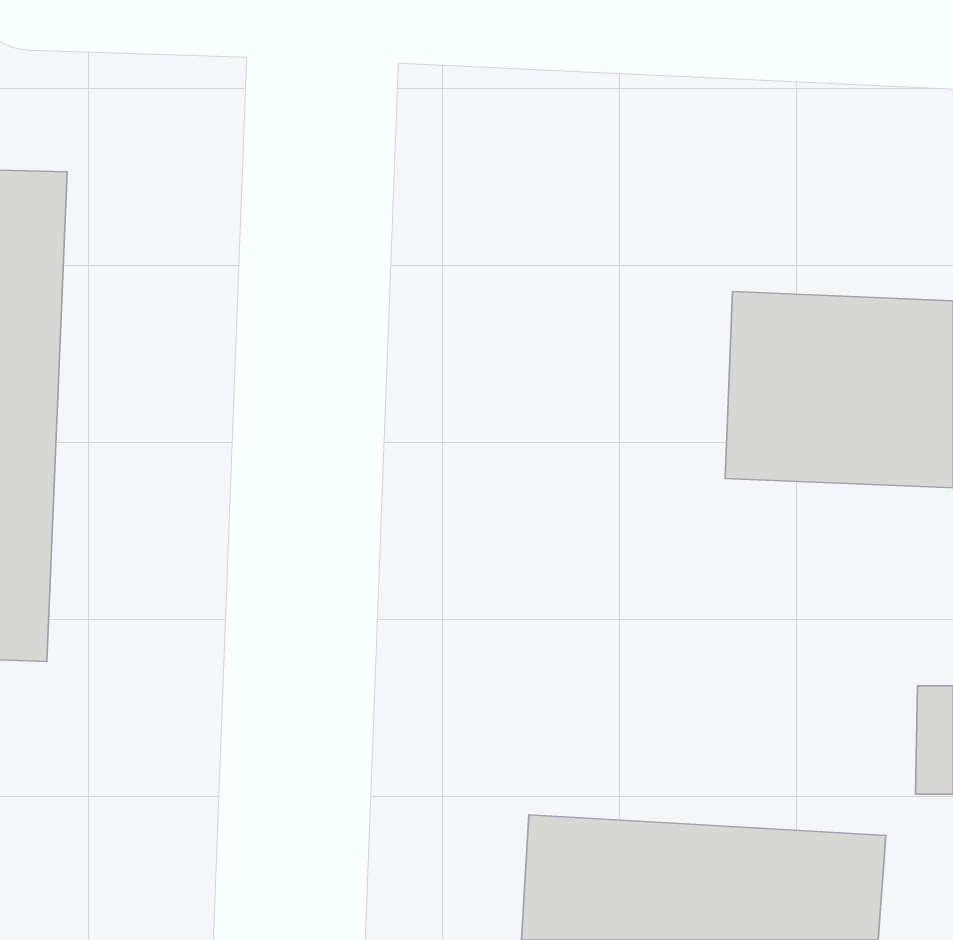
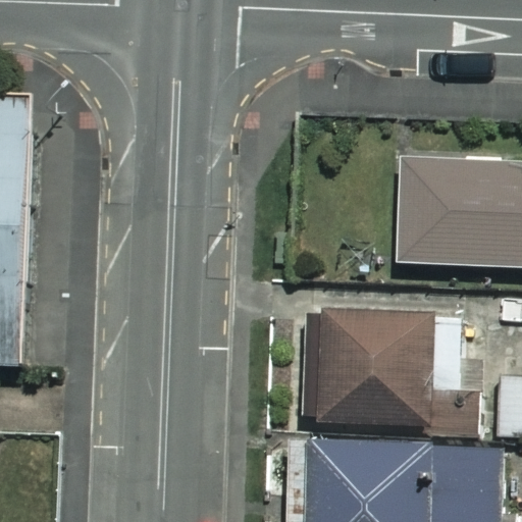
building: none -> [306,311,463,437]

